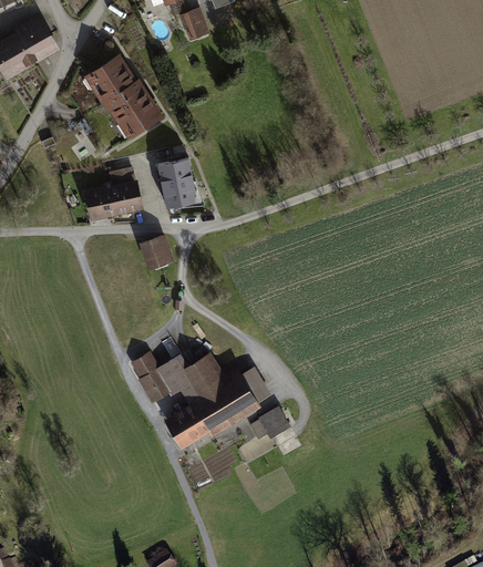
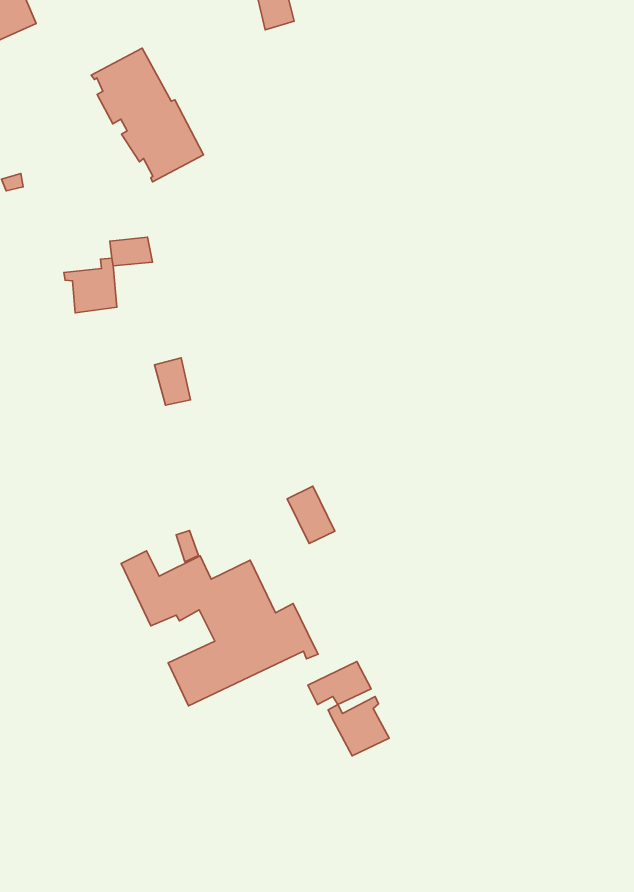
building: [158,159,196,208] -> none
building: [113,184,141,213] -> none
building: [238,370,268,404] -> [287,486,335,544]
building: none -> [328,696,389,756]

